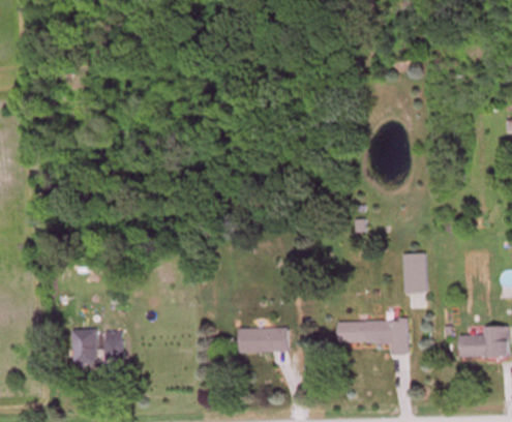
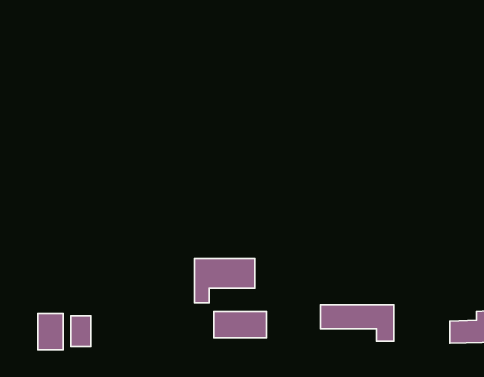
building: [403,253,426,306] -> none
building: none -> [195,258,255,303]

